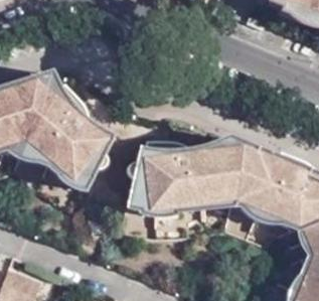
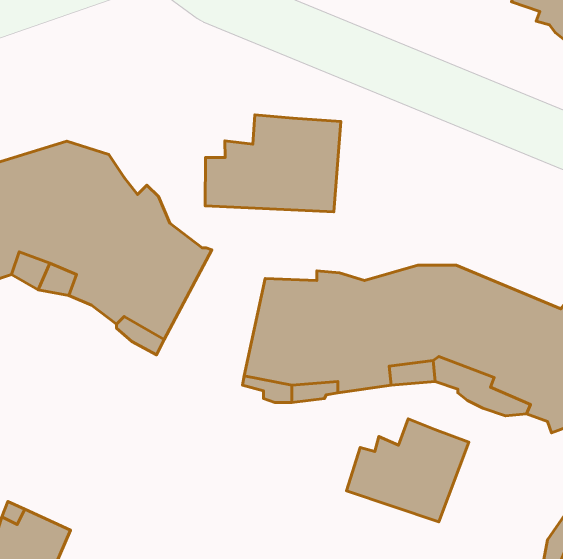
building: none -> [205,115,341,212]
building: none -> [346,419,469,522]

